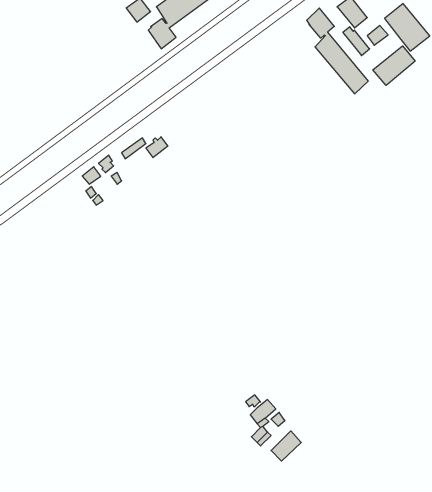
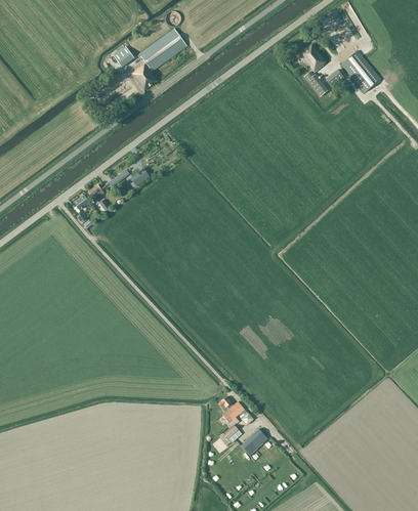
building: [307,8,368,94] -> none
building: [373,46,415,85] -> none

